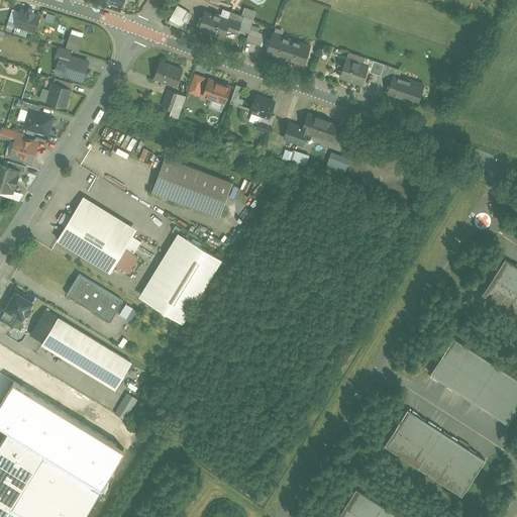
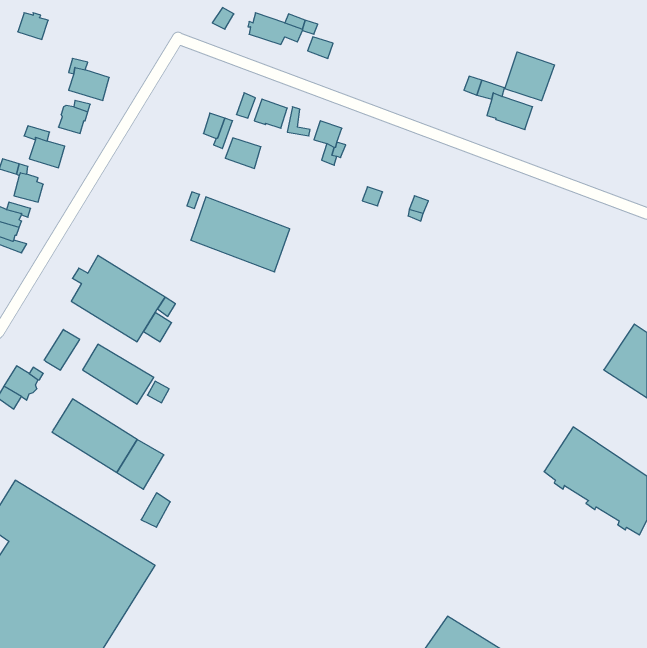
building: [265,34,309,65] -> none
building: none -> [505,52,555,101]
building: [338,60,367,85] -> none
building: [152,63,181,87] -> [225,138,261,168]
building: [283,114,336,144] -> none
building: [146,238,220,323] -> none
building: [29,310,58,342] -> [44,329,80,370]
building: [385,413,484,498] -> none

